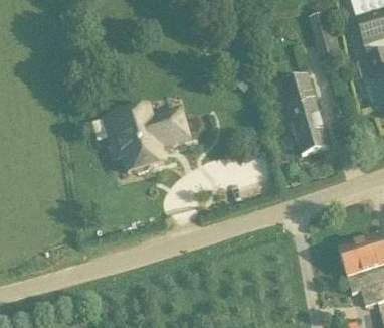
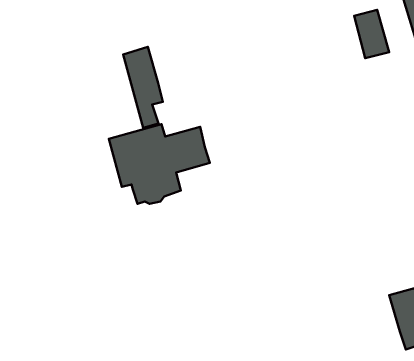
building: none -> [123,47,163,128]
building: [276,74,330,155] -> none

